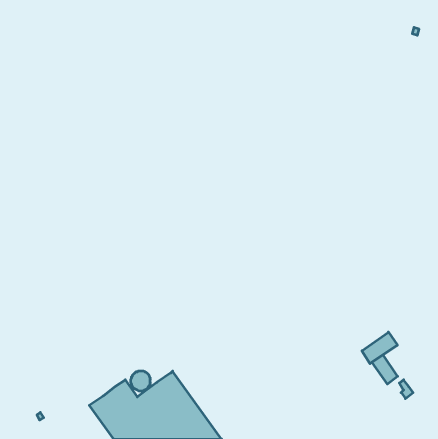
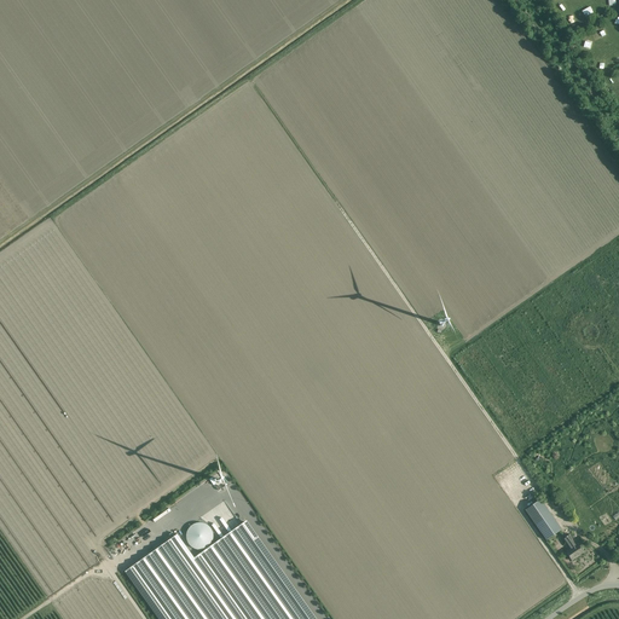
building: [362,332,397,364] -> none

